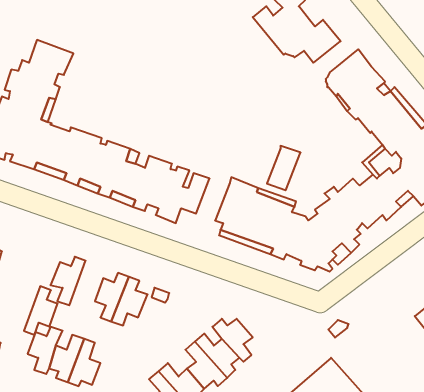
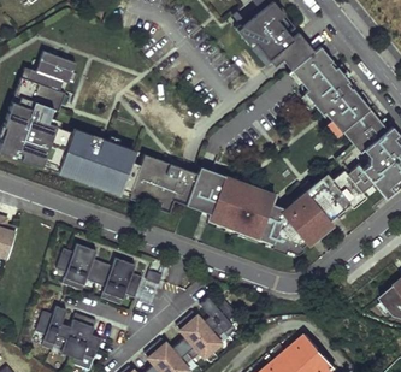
building: none -> [290,46,330,83]
building: [267,146,301,190] -> [185,171,216,211]
building: [24,286,58,335] -> [72,247,102,290]

